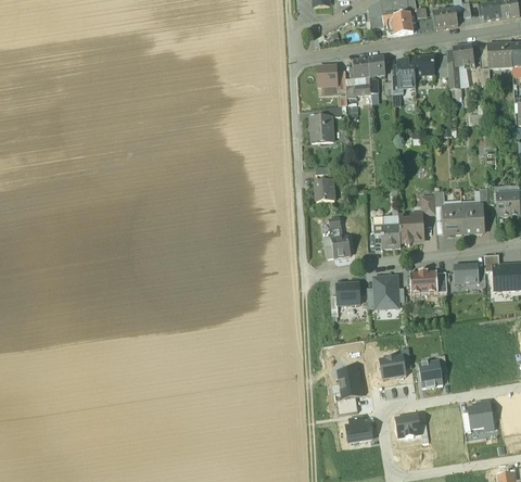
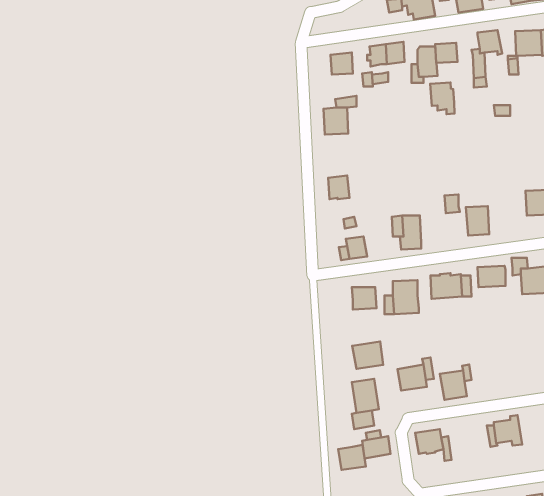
building: none -> [430,82,455,114]
building: [462,206,483,233] -> none
building: [399,216,422,243] -> none
building: none -> [352,341,383,369]
building: none -> [338,445,366,470]

